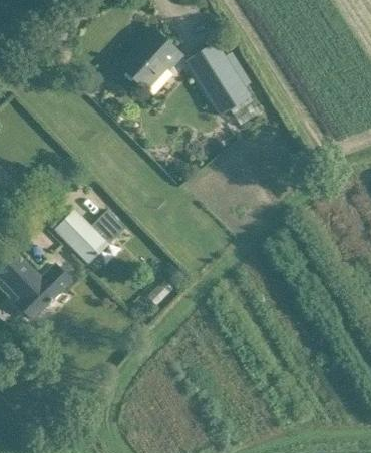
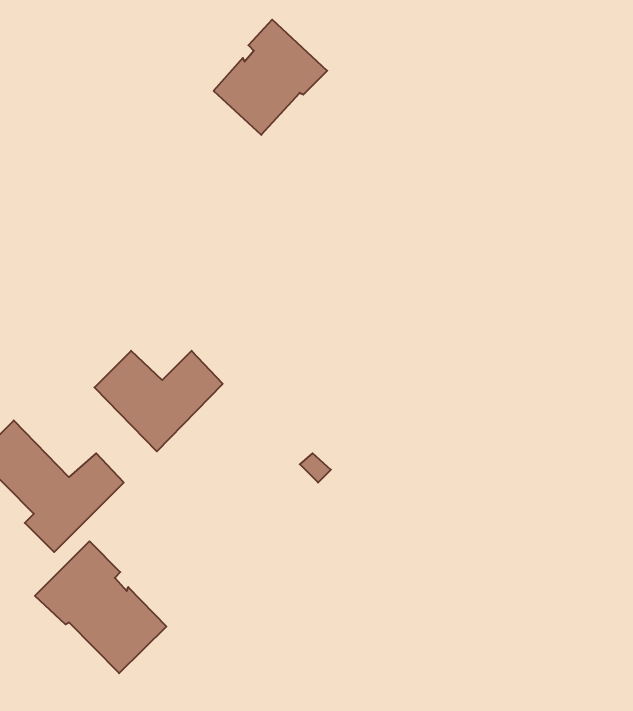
building: [187,43,252,118] -> none
building: none -> [35,541,166,673]

